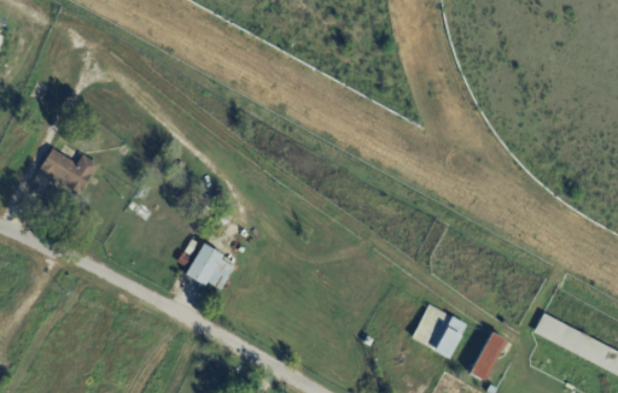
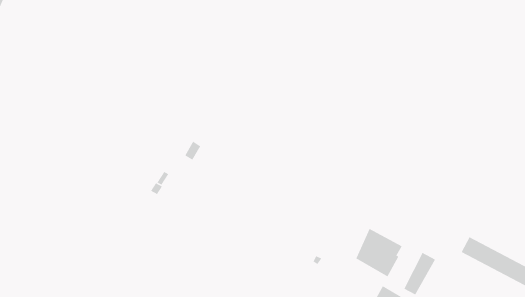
building: [39,147,99,192] -> none
building: [185,242,234,289] -> none

